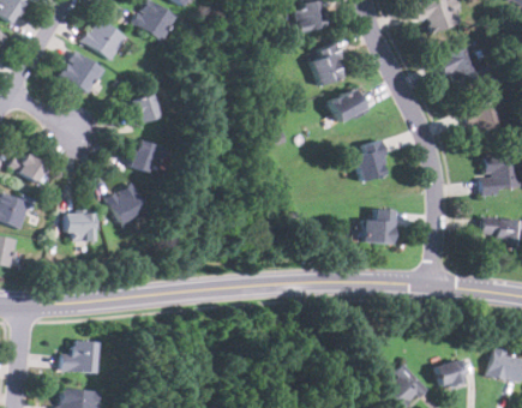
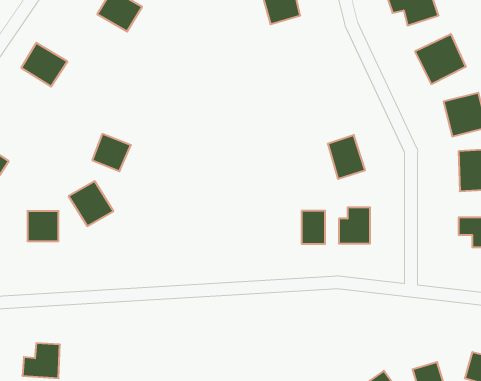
building: [83,18,127,60] -> none
building: [308,42,349,85] -> none
building: [330,88,368,122] -> none
building: [127,92,161,124] -> none
building: none -> [302,211,325,244]

